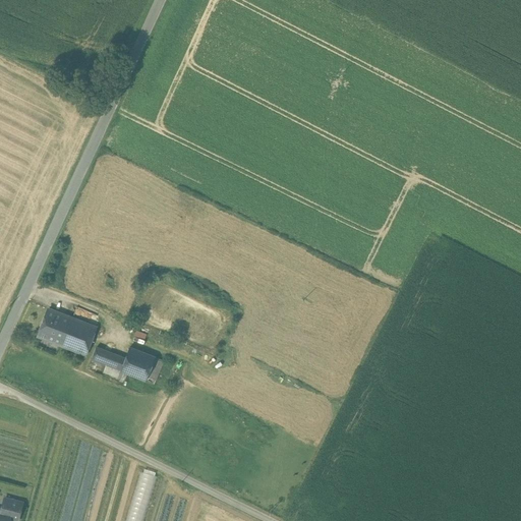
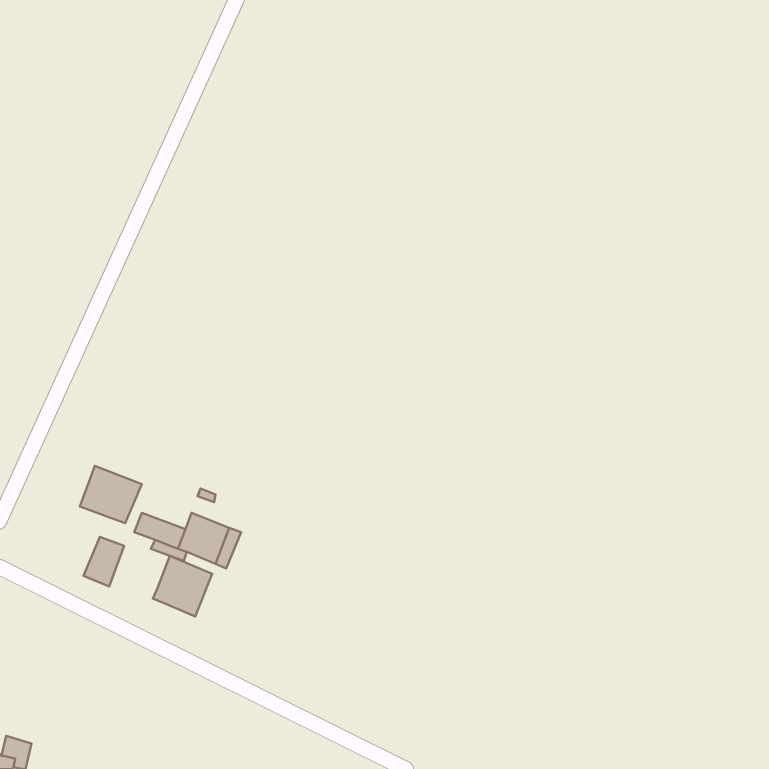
building: [37,308,64,342] -> [83,537,124,586]
building: none -> [153,556,212,616]

